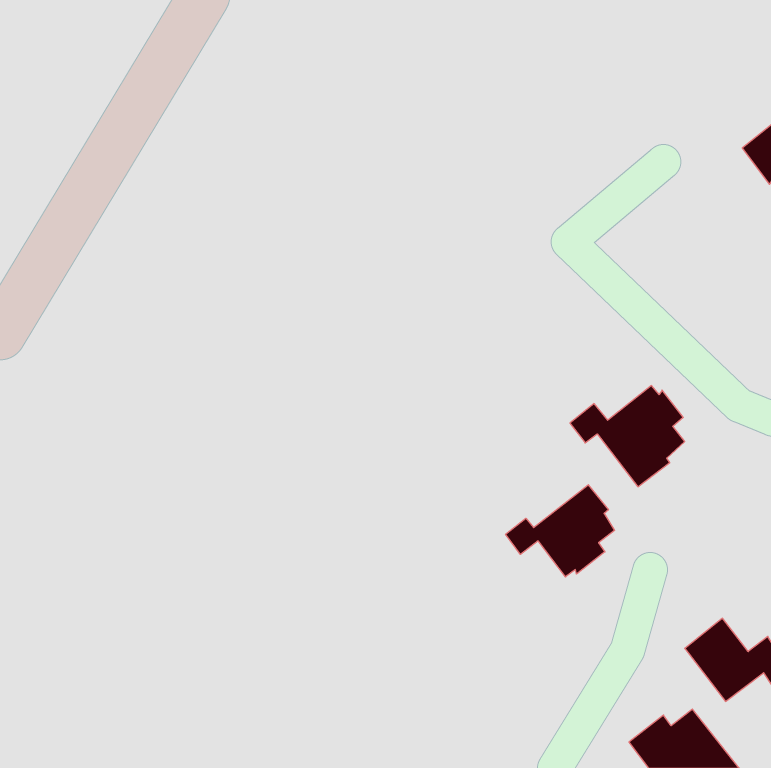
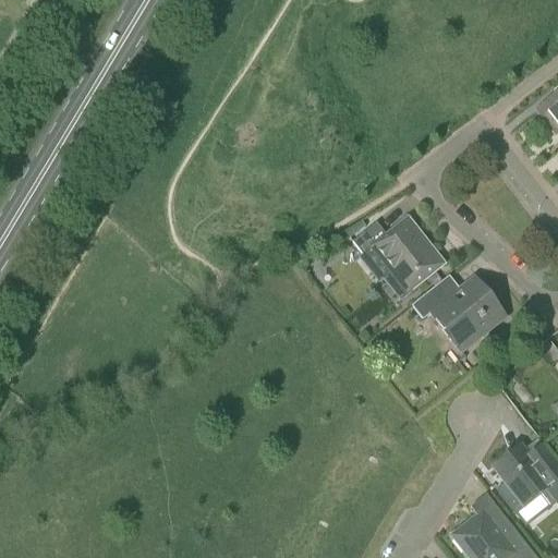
building: none -> [353,215,444,292]
building: [506,485,615,577] -> none

